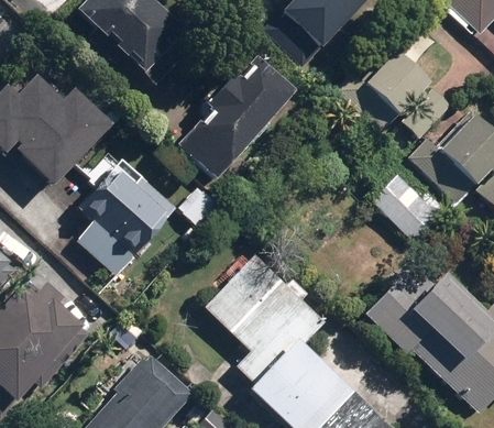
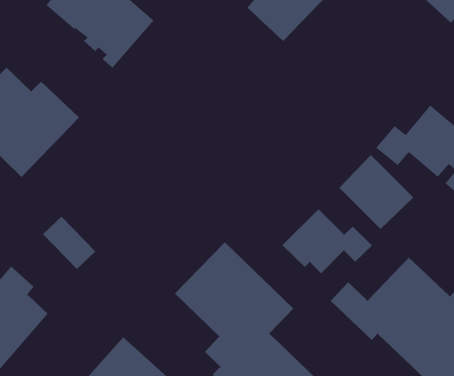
building: [360,47,431,119] -> none
building: [178,54,294,178] -> none
building: [77,157,177,250] -> none
building: none -> [282,208,373,274]

